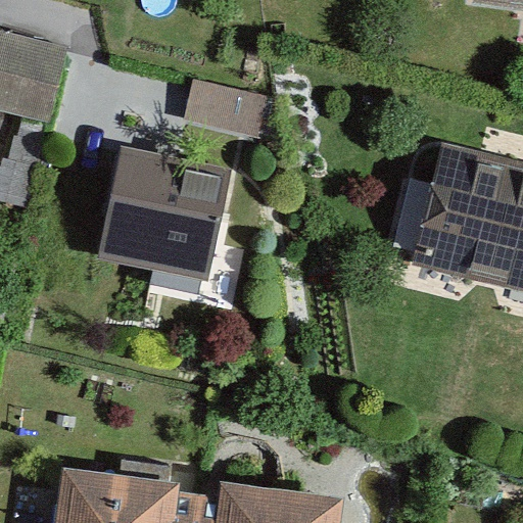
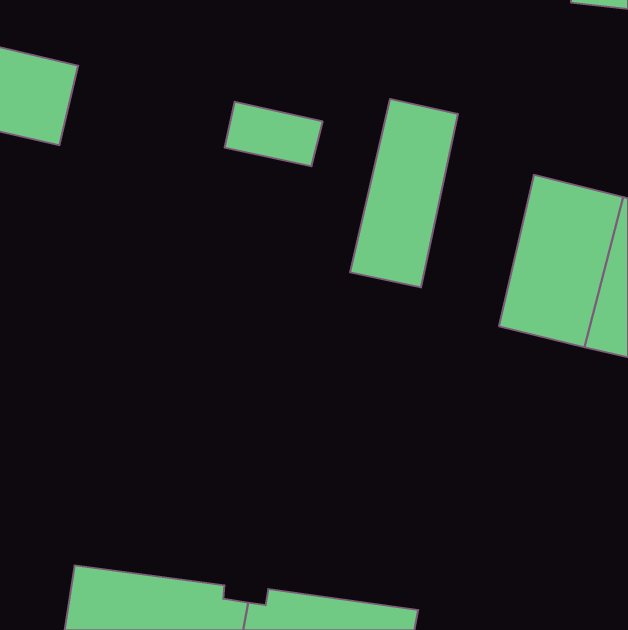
building: none -> [350,99,458,288]
building: [104,155,228,283] -> none

